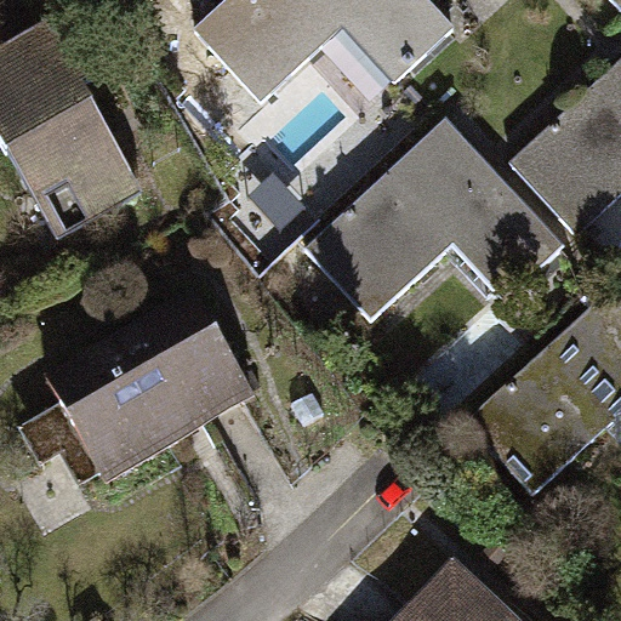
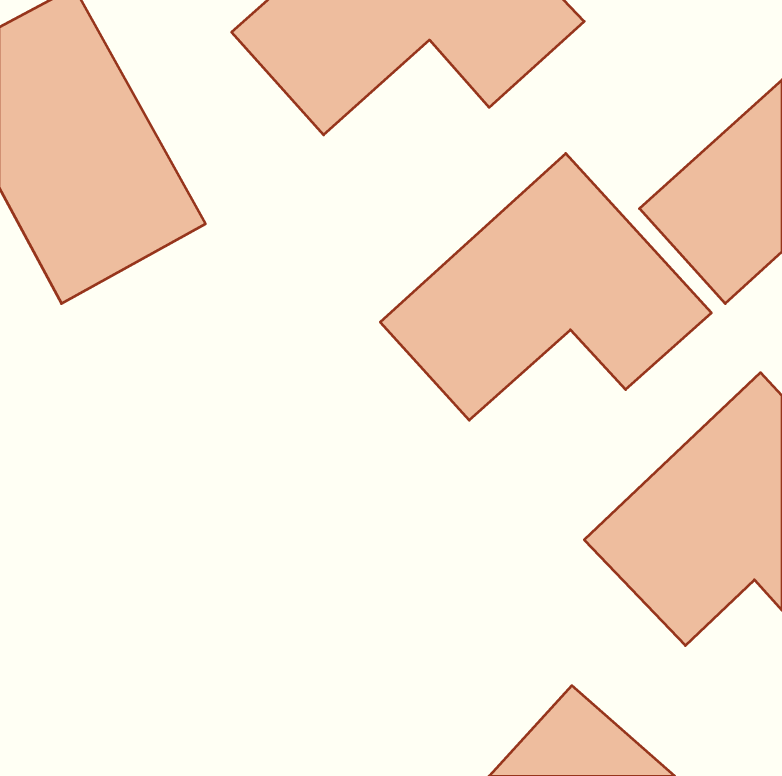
building: [38,275,267,484] -> none

